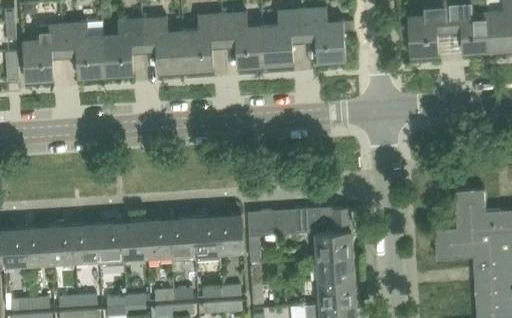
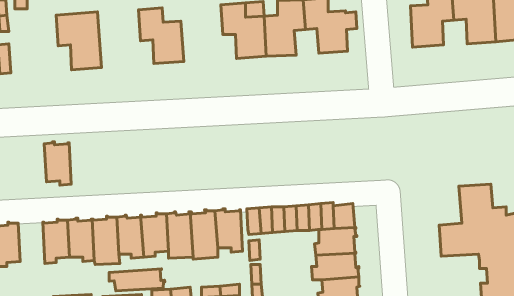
building: [184,15,225,70] -> none
building: [104,20,145,76] -> none
building: [23,25,65,81] -> none
building: [26,225,52,267] -> [44,142,71,185]
building: none -> [109,269,165,291]

